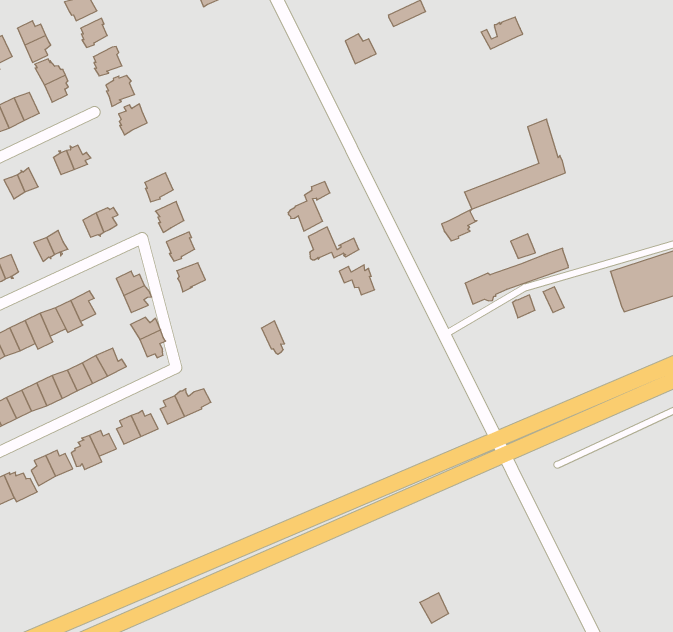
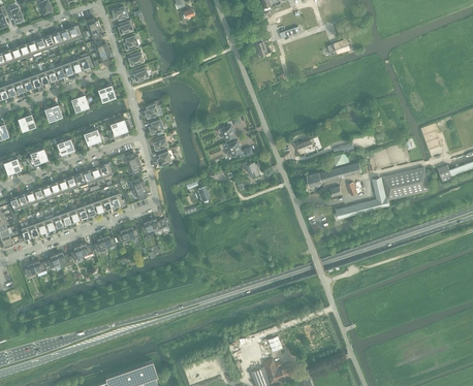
building: [464,119,565,209] -> [335,175,388,219]

